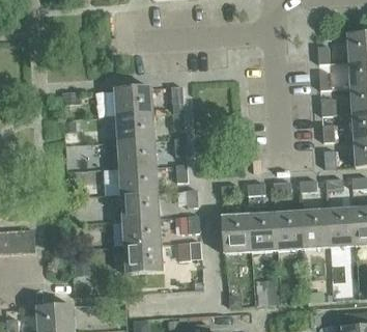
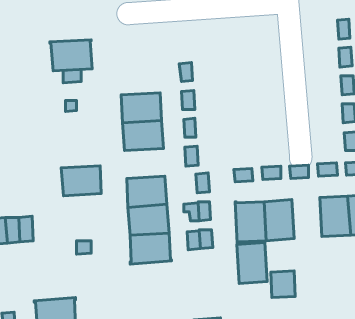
building: [113,86,152,115] -> [50,40,92,71]
building: [119,165,157,193] -> [61,166,101,196]
building: [275,211,303,249] -> [237,242,267,284]

